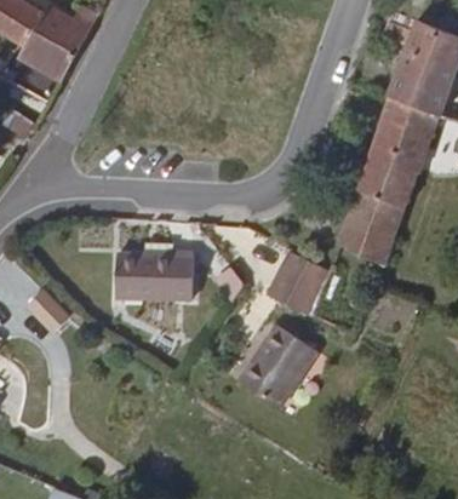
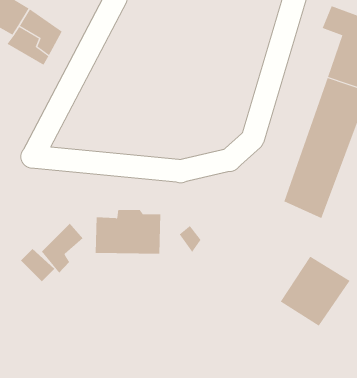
building: [265,250,327,312] -> none
building: none -> [41,223,83,274]
building: [245,323,327,406] -> [280,256,350,326]

